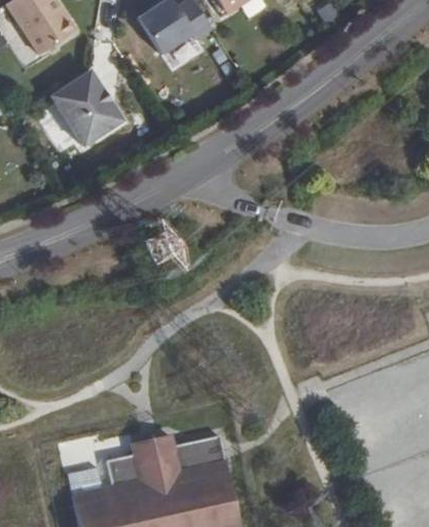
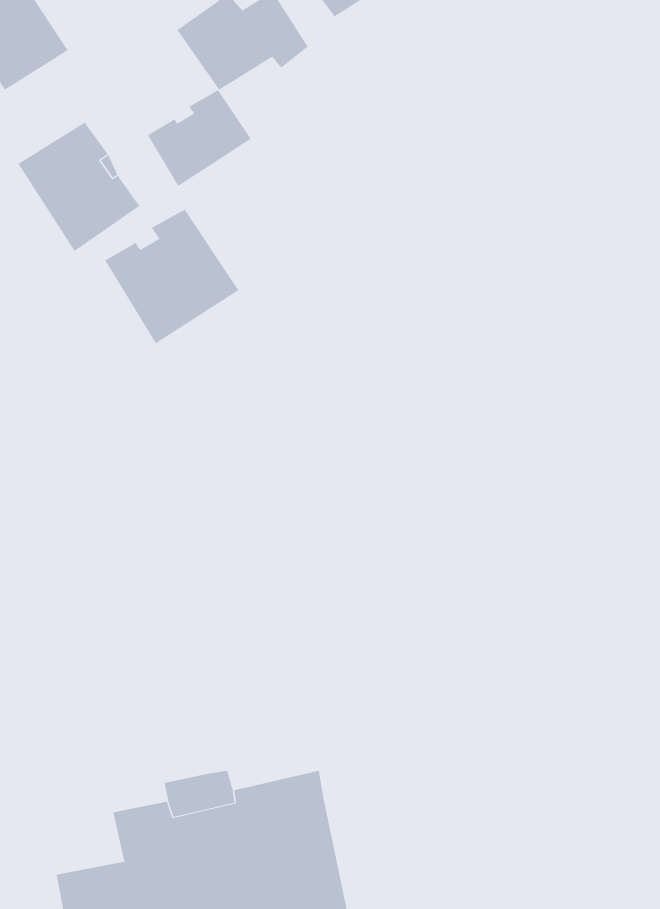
building: none -> [147,90,252,187]
building: none -> [105,209,239,344]

